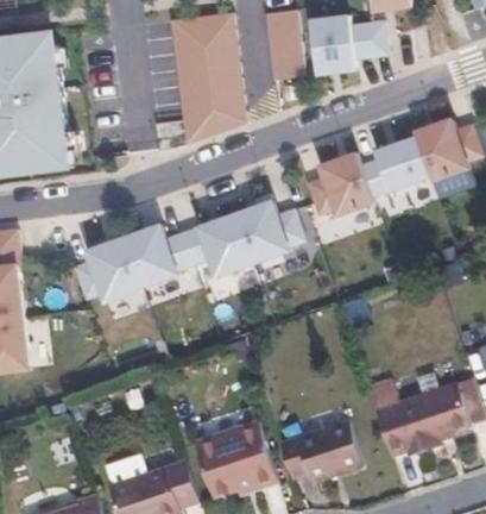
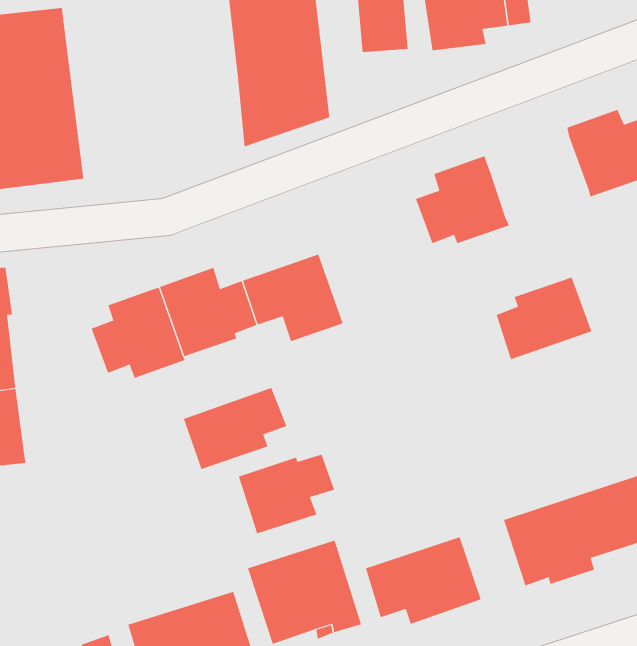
building: [364,134,433,194] -> [496,277,592,360]
building: [240,206,310,269] -> none
building: none -> [183,387,287,470]
building: none -> [238,454,335,534]

